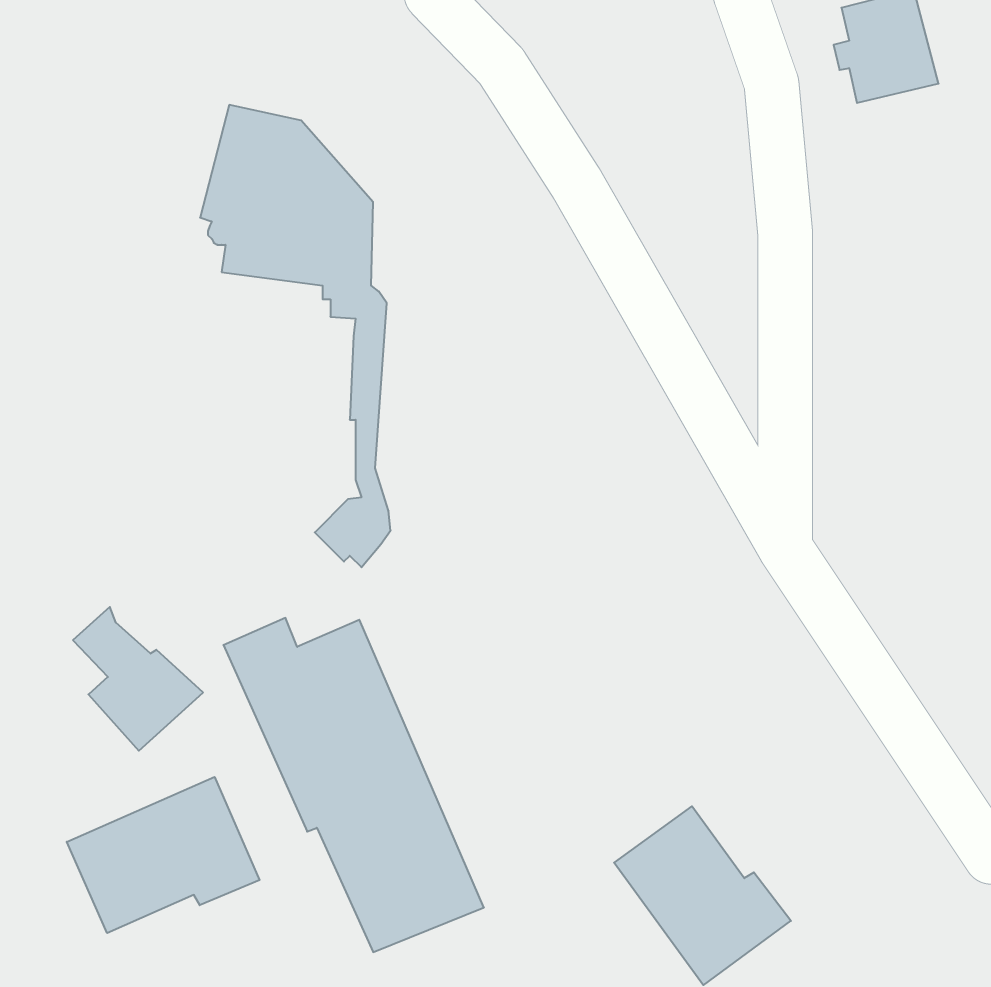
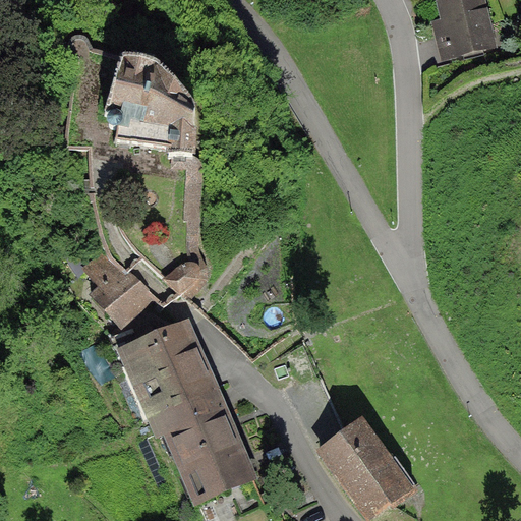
building: [73,607,203,751] -> [86,249,155,325]
building: [67,777,260,933] -> none

